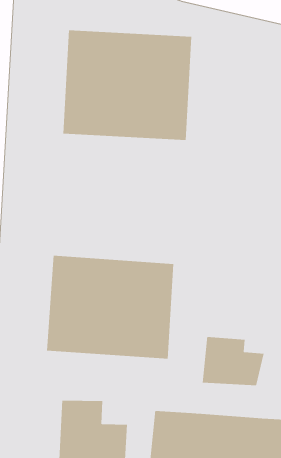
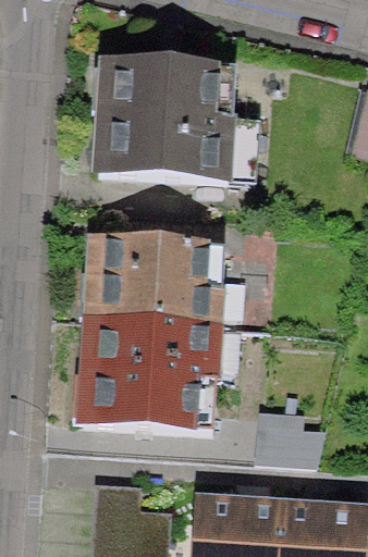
building: none -> [82,235,226,323]

